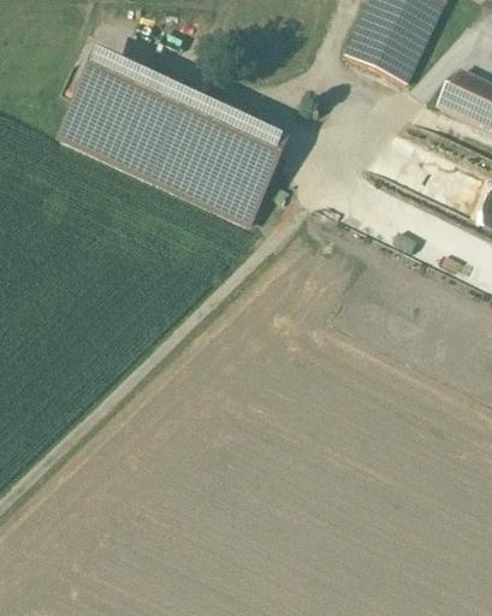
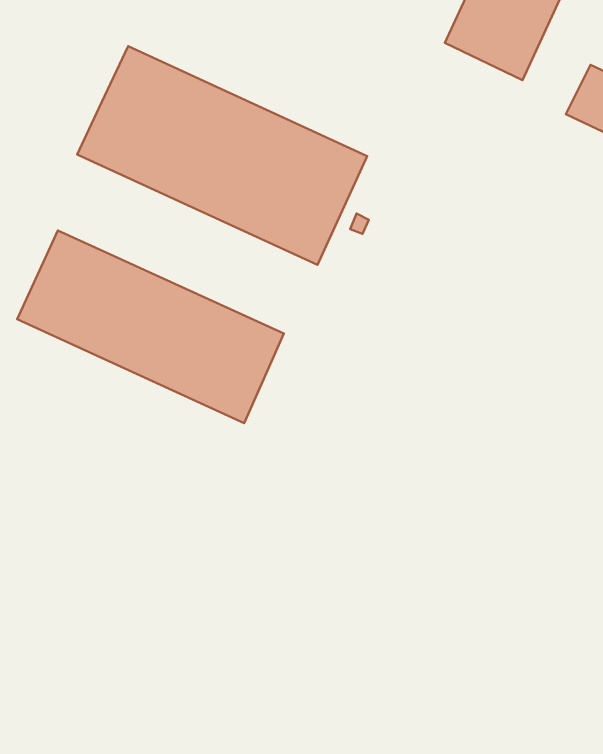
building: none -> [17,231,284,423]

